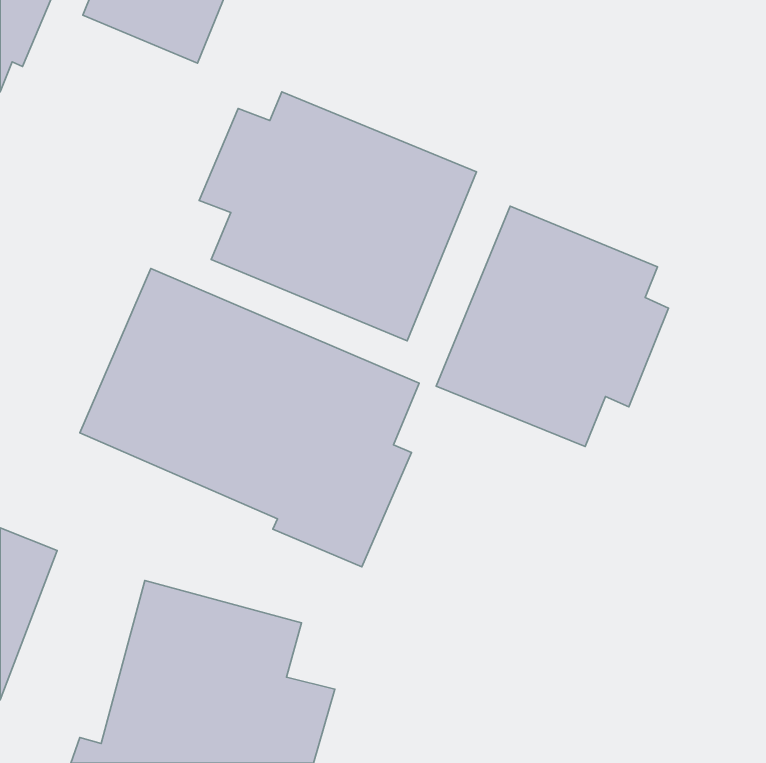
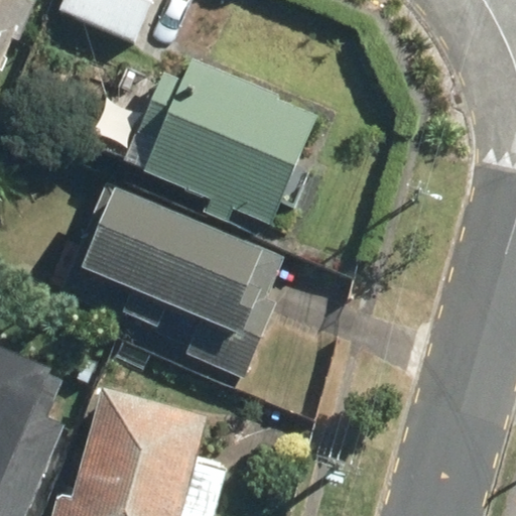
building: [436,206,668,446] -> none

